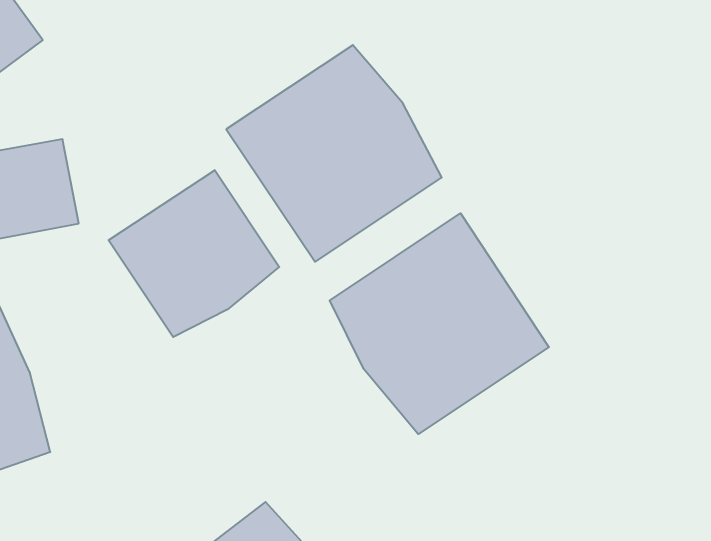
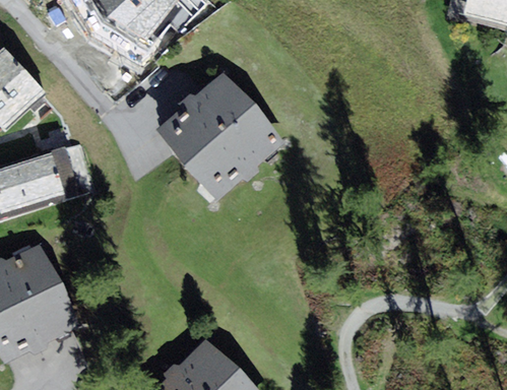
building: [109,170,279,337] -> none
building: [330,213,549,434] -> none

